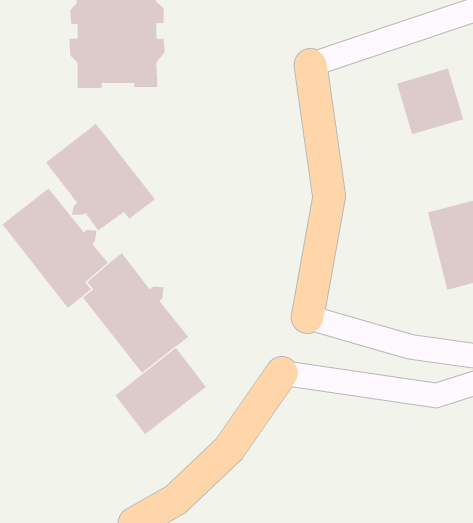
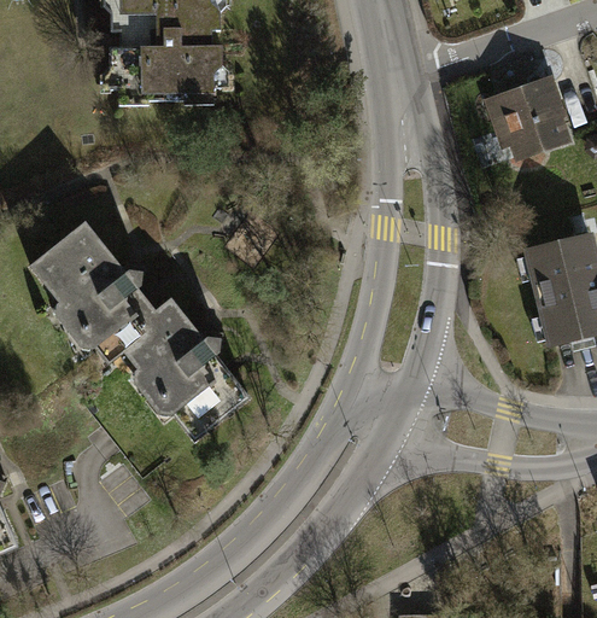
building: [45,123,156,231] -> none
building: [114,347,207,435] -> none

